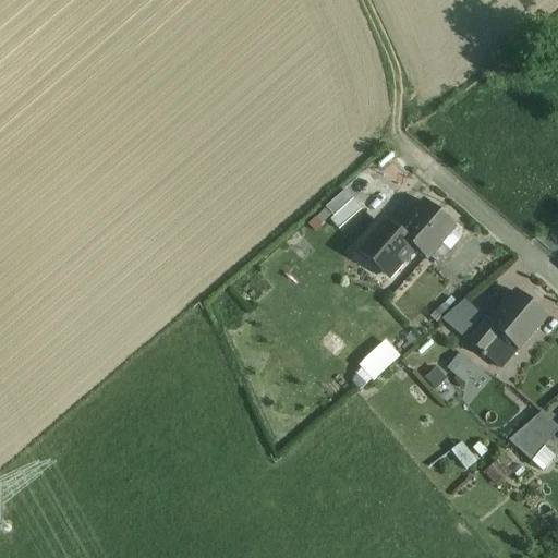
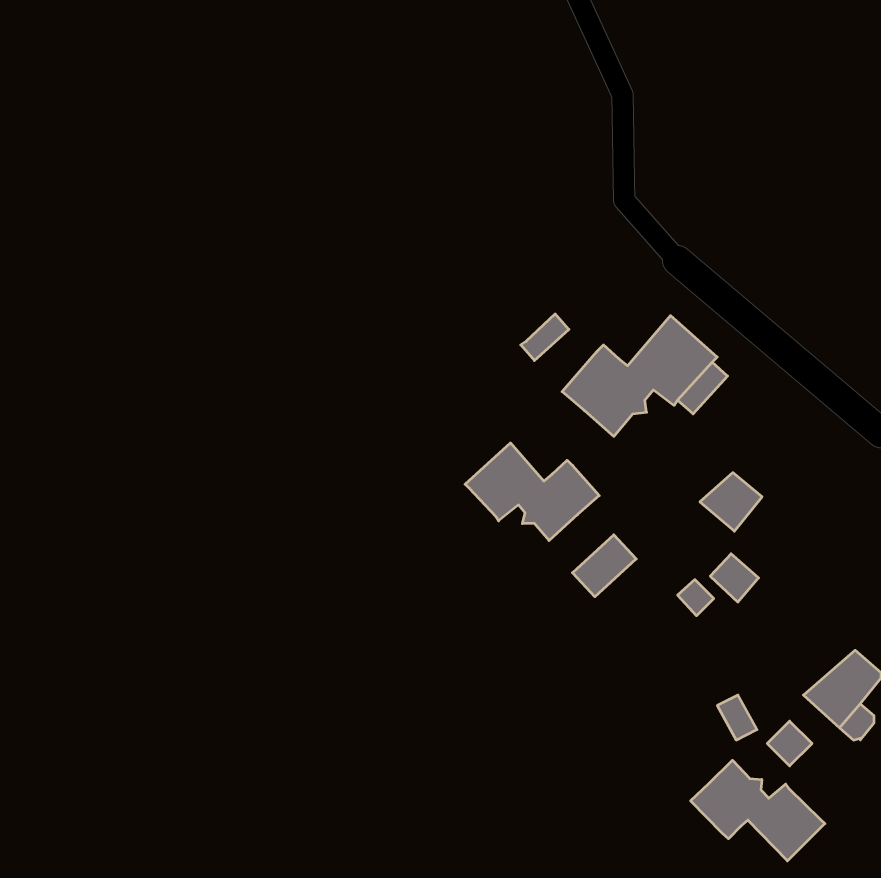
building: none -> [465,443,599,541]
building: [468,290,545,366] -> none
building: none -> [691,760,825,861]

